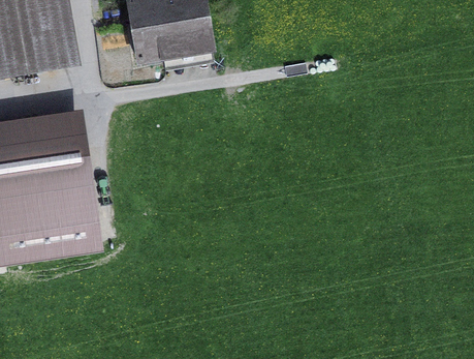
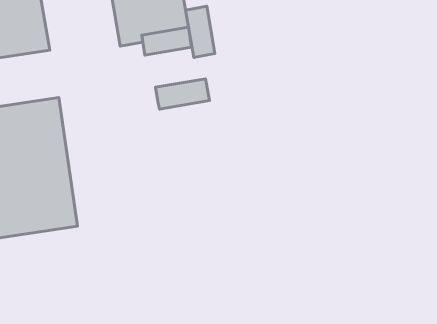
building: none -> [186,6,215,58]
building: none -> [155,79,210,109]

